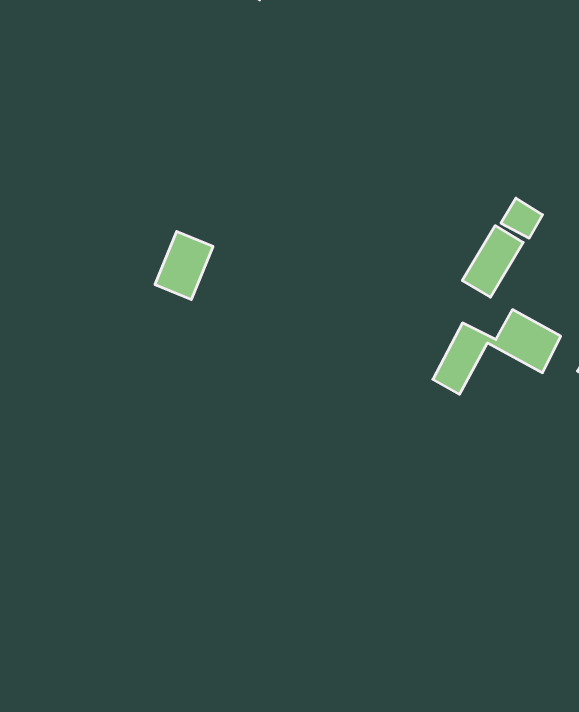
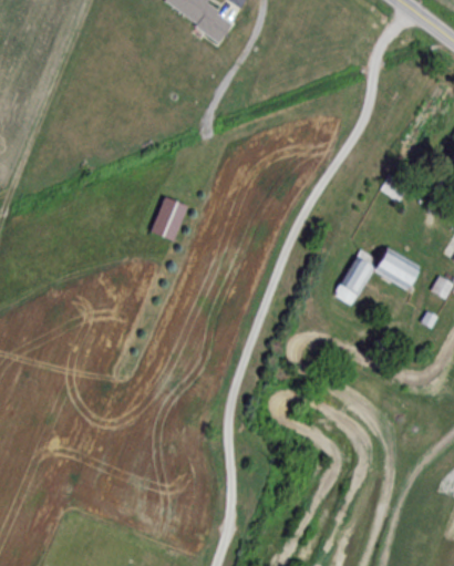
building: [462,226,523,297] -> none

